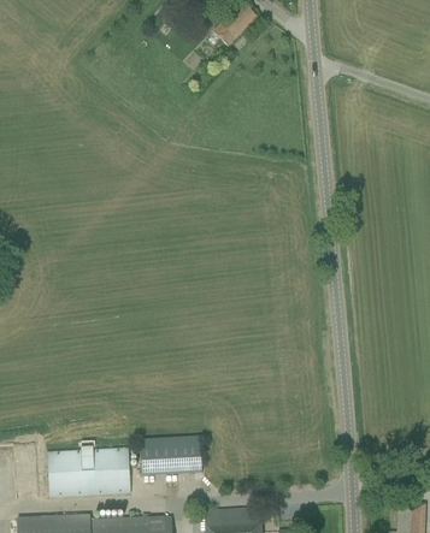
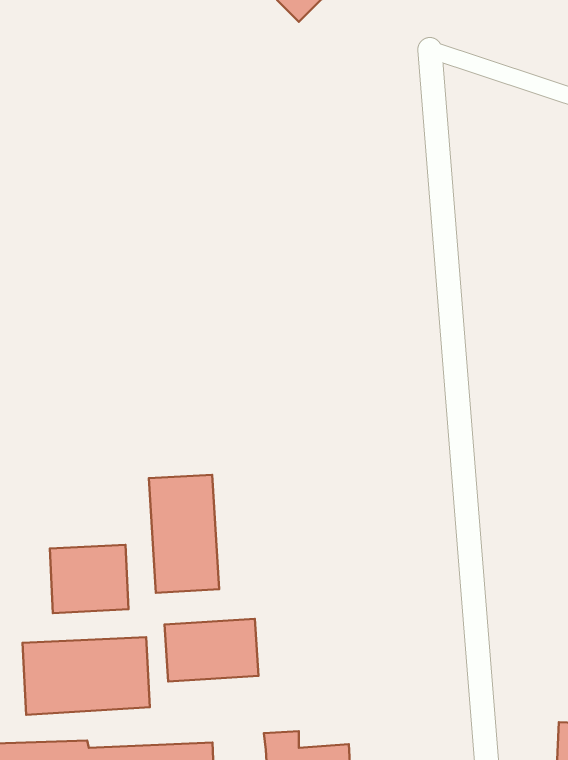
building: none -> [149,475,219,593]
building: none -> [50,545,129,613]

